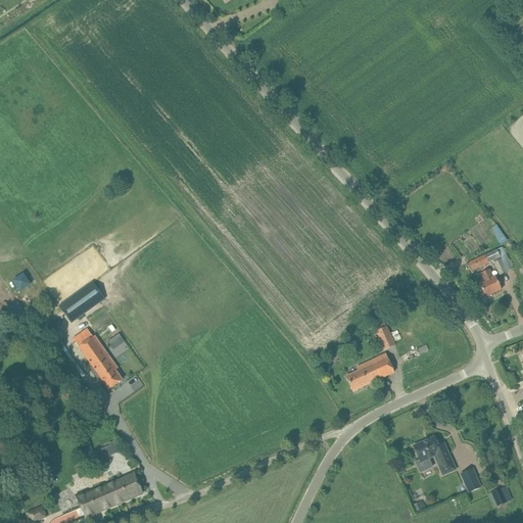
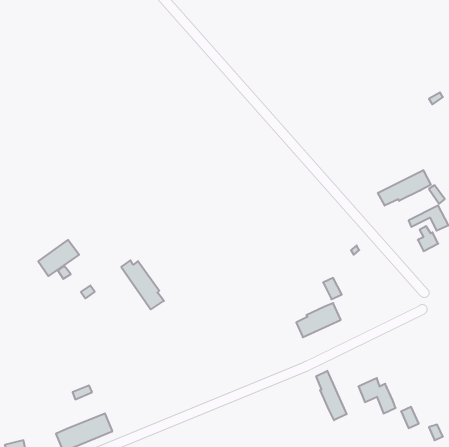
building: none -> [378,170,431,206]
building: [75,333,122,387] -> [121,260,164,309]
building: none -> [316,371,347,420]

